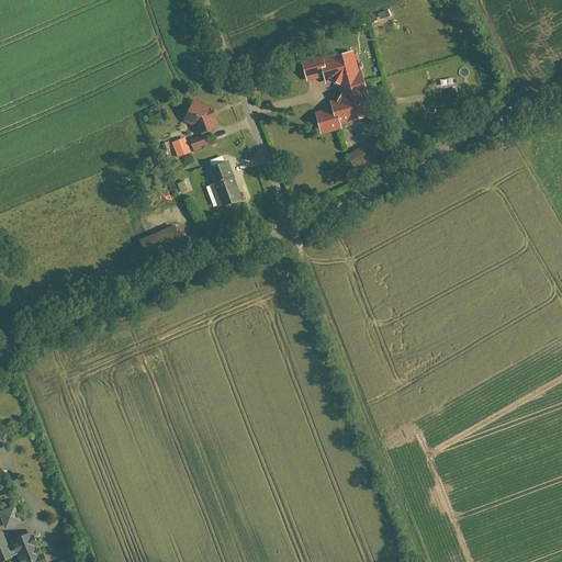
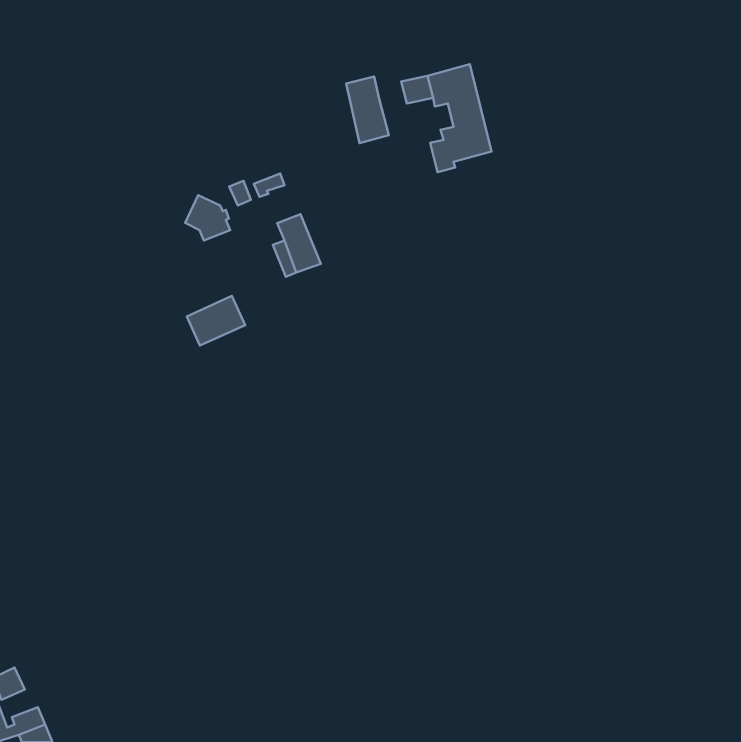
building: none -> [346,76,389,143]
building: [183,98,217,132] -> [185,195,230,240]

